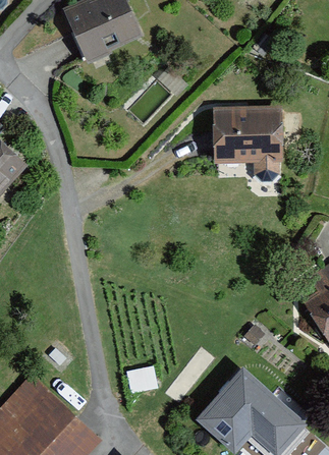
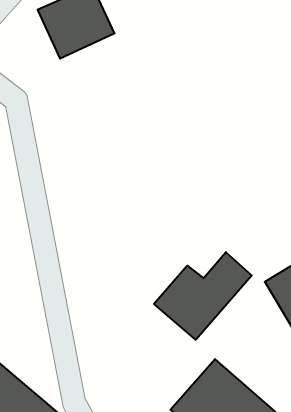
building: [210,112,282,164] -> none
building: none -> [154,252,252,340]

